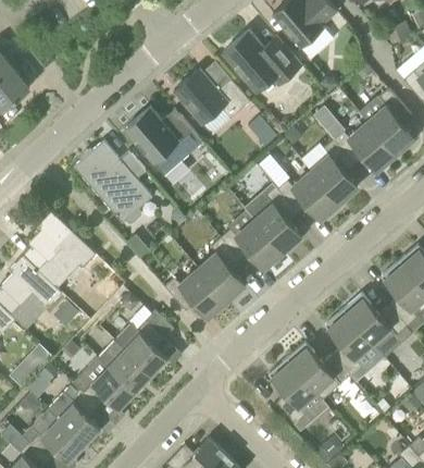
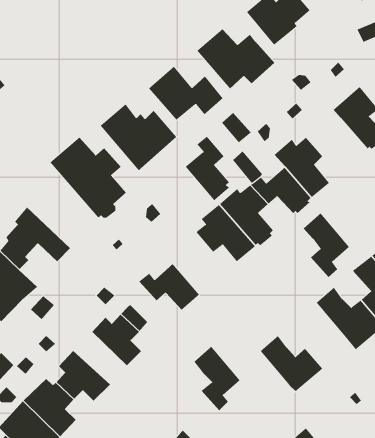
building: [334,122,396,170] -> none
building: [199,237,245,304] -> [185,136,230,201]
building: [325,309,373,375] -> [303,212,350,278]
building: [98,338,152,392] -> none
building: [269,358,316,424] -> [193,346,241,411]

